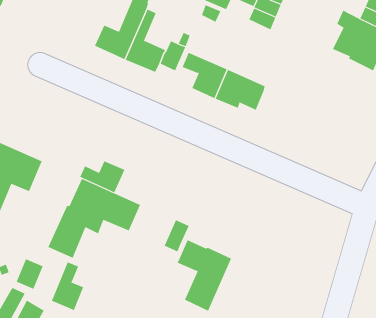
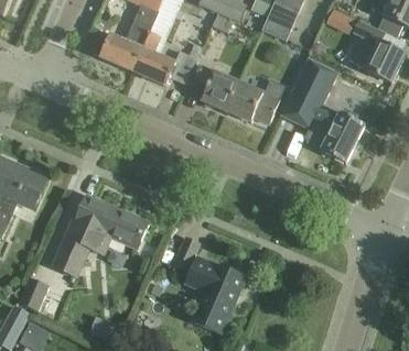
building: none -> [281,58,364,163]
building: [80,160,125,193] -> none
building: [51,261,84,311] -> none

